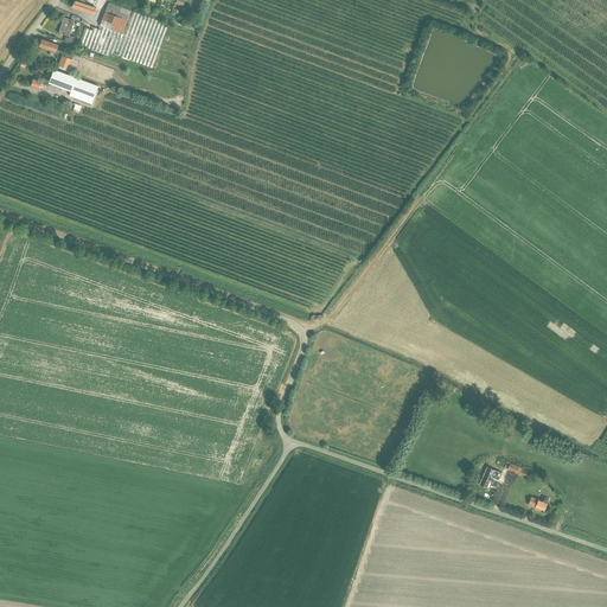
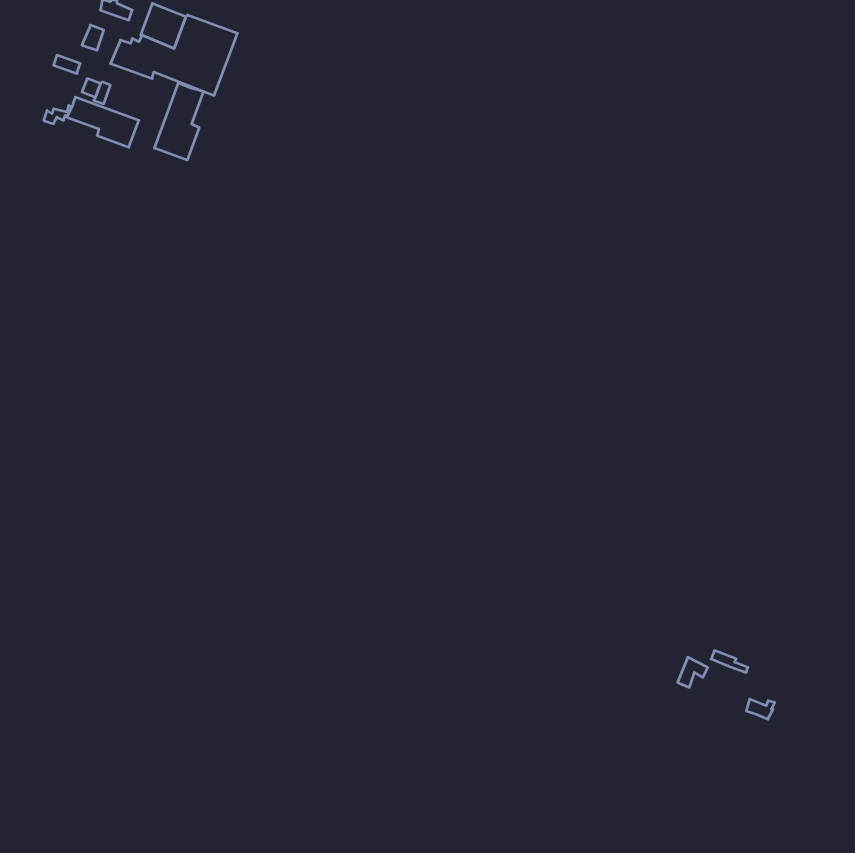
building: none -> [154,83,204,160]

